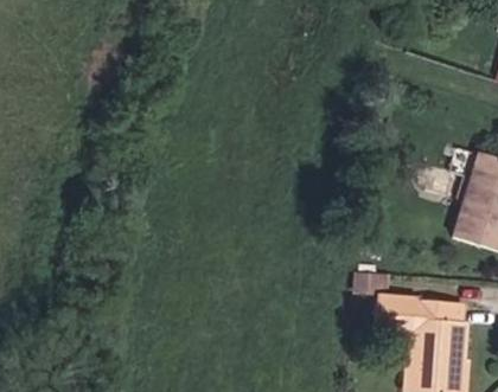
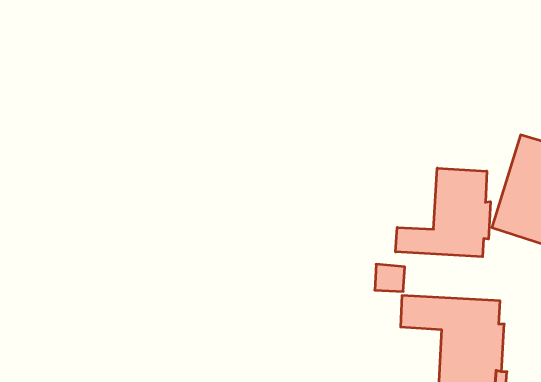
building: none -> [396,168,490,257]

